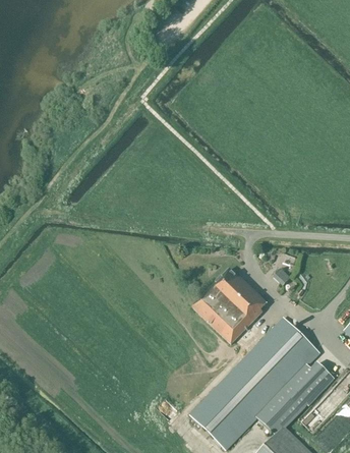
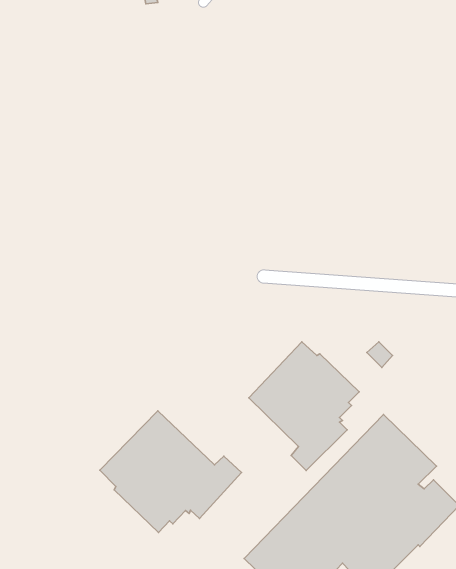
building: none -> [100,411,242,533]

